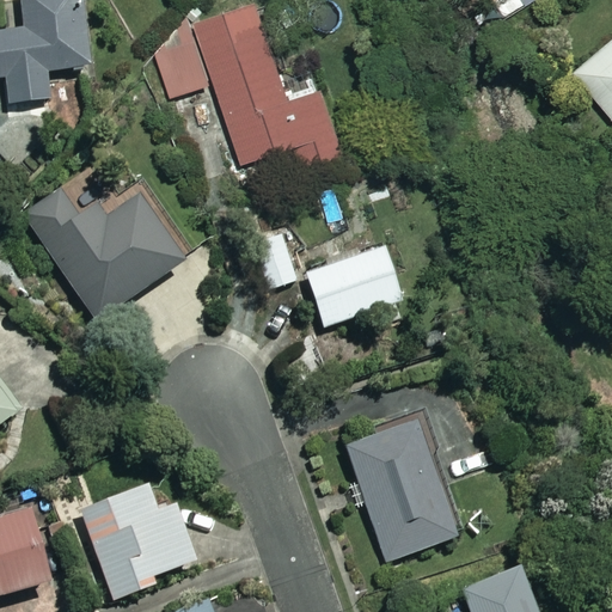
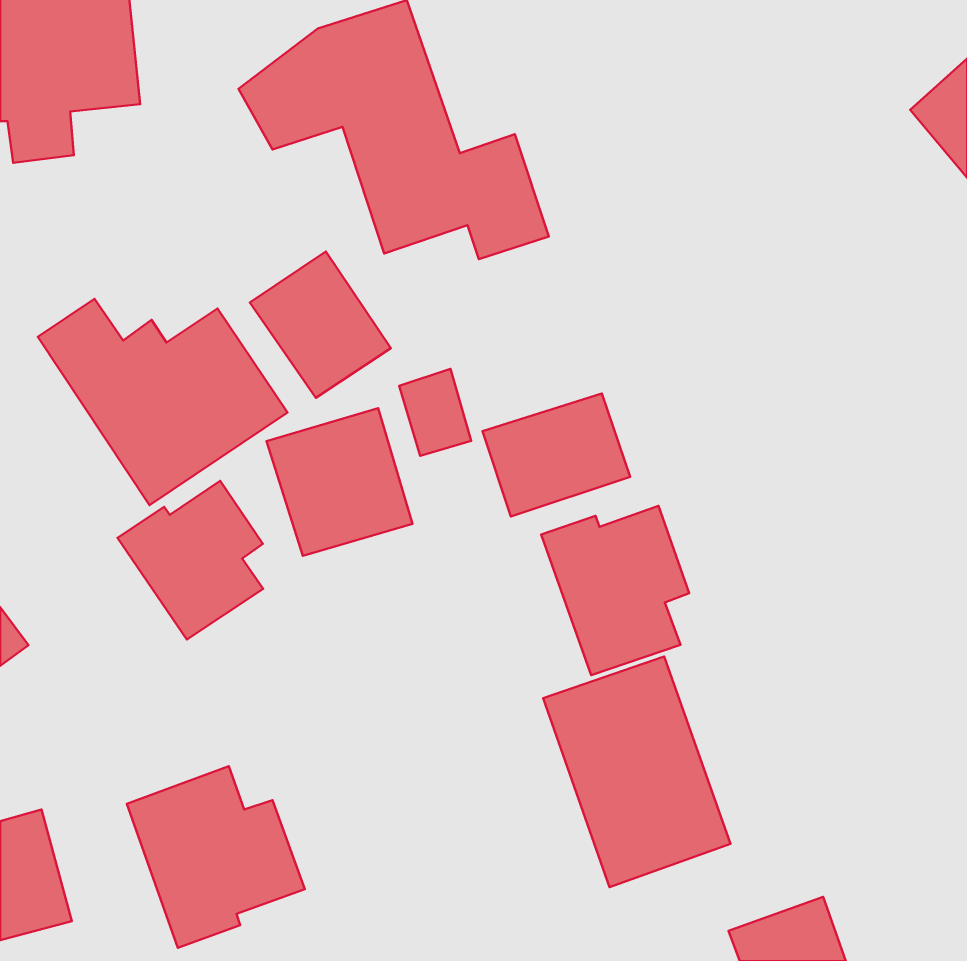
building: none -> [250,251,391,398]
building: none -> [266,408,412,556]
building: none -> [118,481,263,640]
building: none -> [541,506,689,675]

